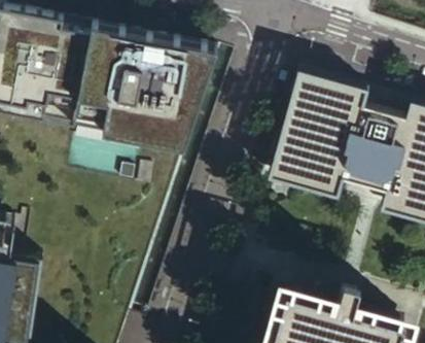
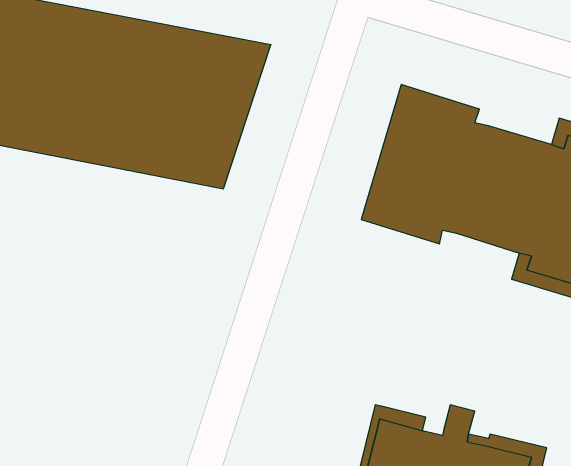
building: [272,70,374,198] -> none

